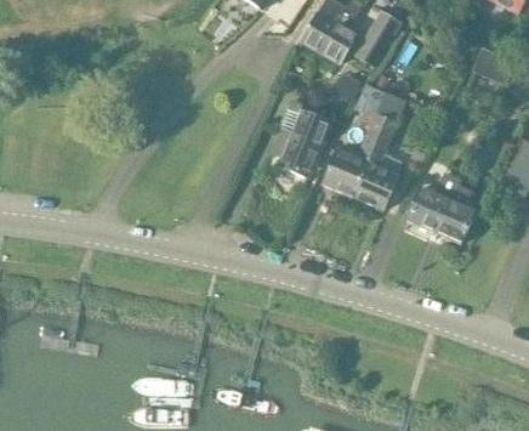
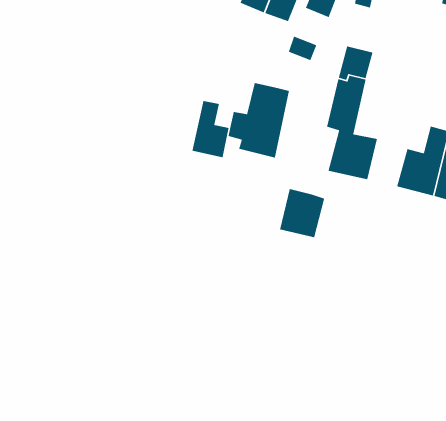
building: none -> [191,100,229,158]
building: [323,149,366,195] -> [279,188,325,238]

